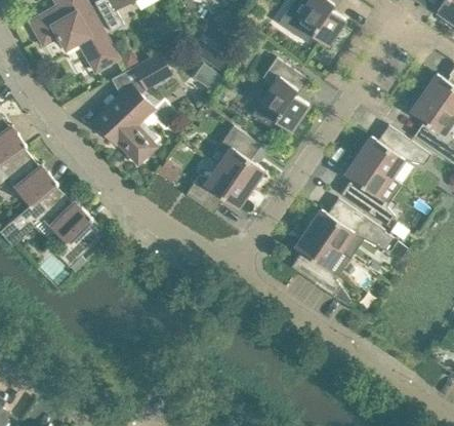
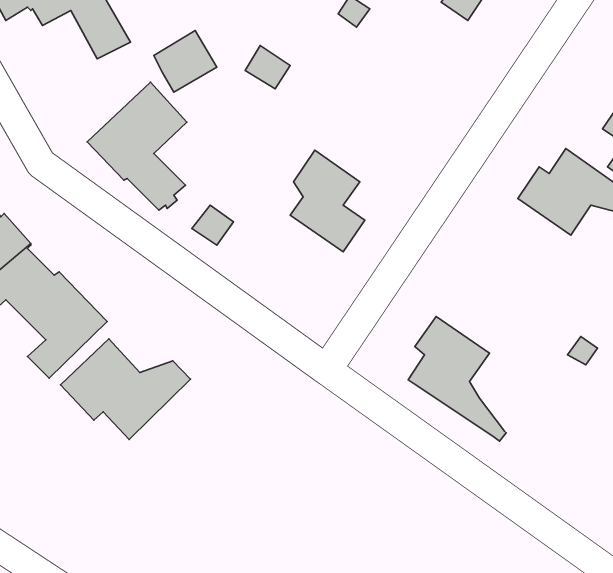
building: [252,57,307,133] -> none
building: [340,156,395,227] -> none
building: [185,166,250,215] -> none
building: [307,198,393,251] -> none
building: none -> [60,339,191,440]

